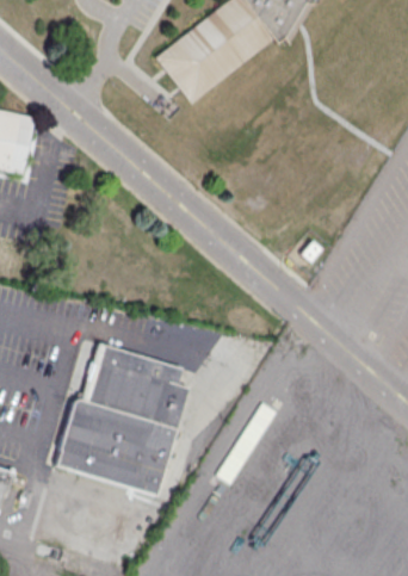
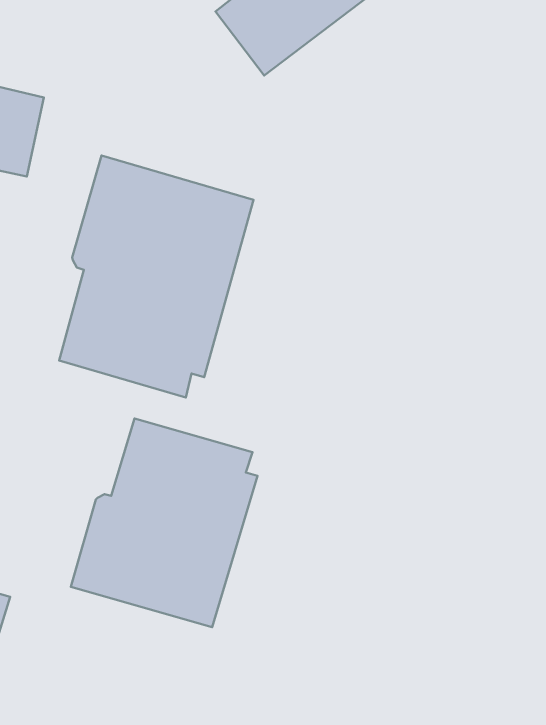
building: none -> [59,156,254,398]

